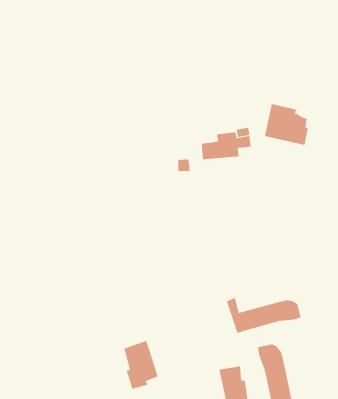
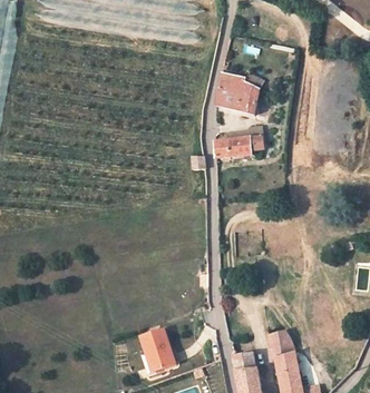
building: [264,104,309,146] -> [214,72,256,112]
building: [226,297,301,334] -> none

